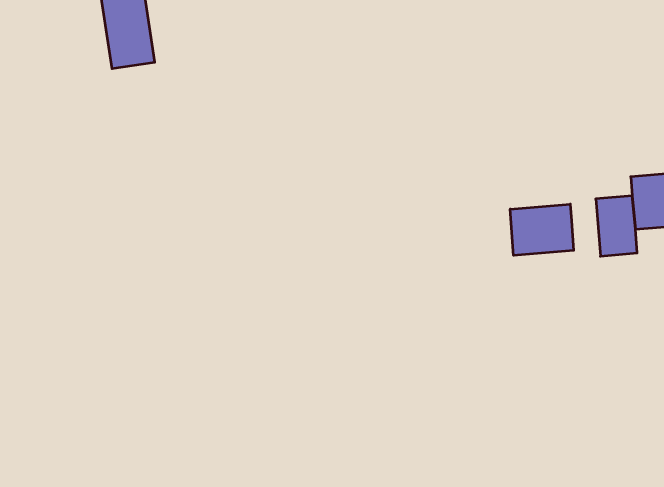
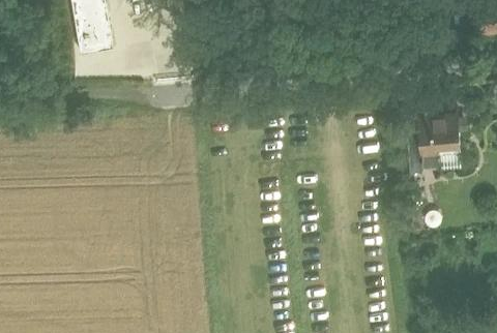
building: [510,204,574,255] -> none

